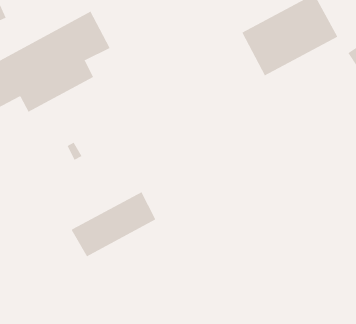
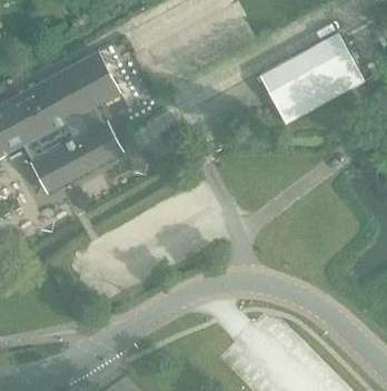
building: [71,192,156,257] -> [31,121,122,192]

